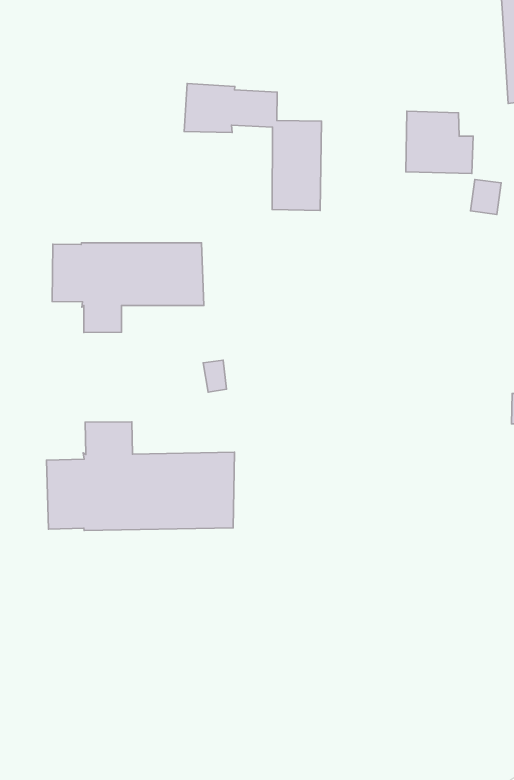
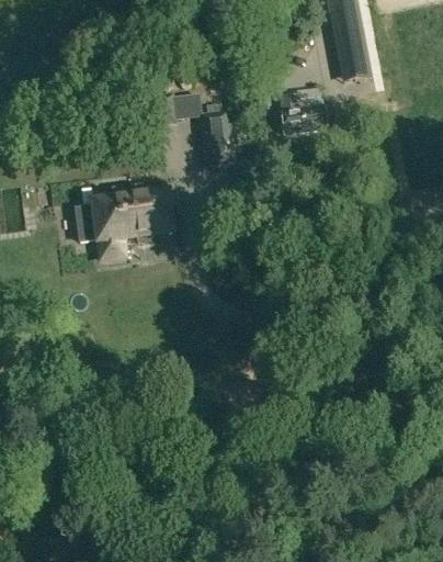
building: [47,422,235,530] -> none

